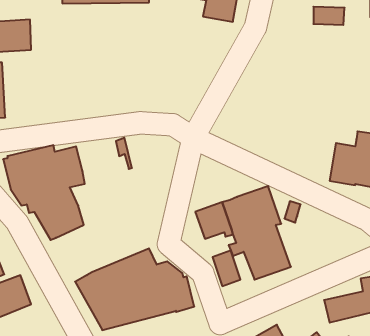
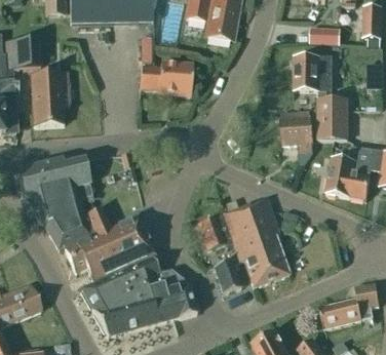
building: none -> [294,55,348,139]
building: none -> [141,62,193,95]
building: none -> [30,71,69,124]
building: none -> [280,110,312,162]
building: none -> [64,207,156,282]

